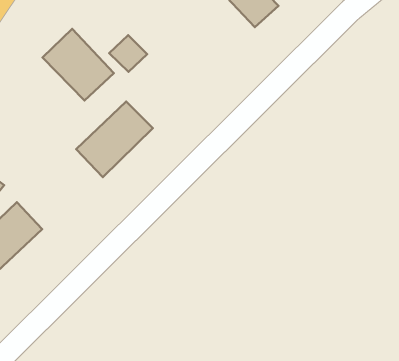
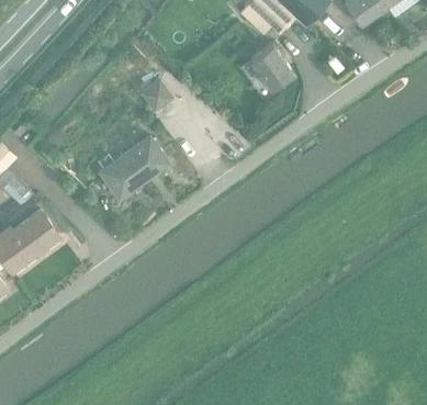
building: [43,29,114,101] -> none

